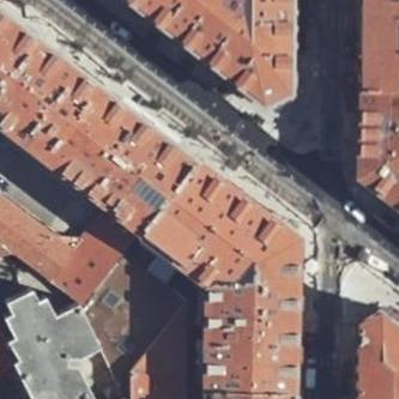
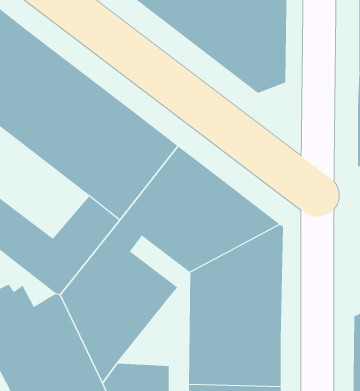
building: [135,304,187,371] -> none

